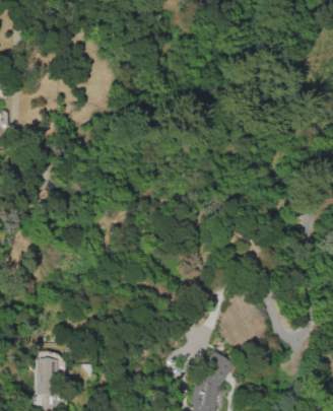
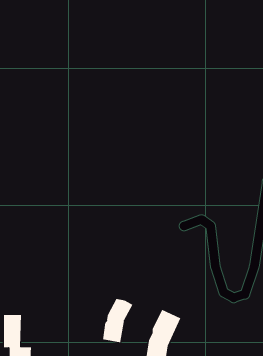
building: none -> [102,298,133,343]

